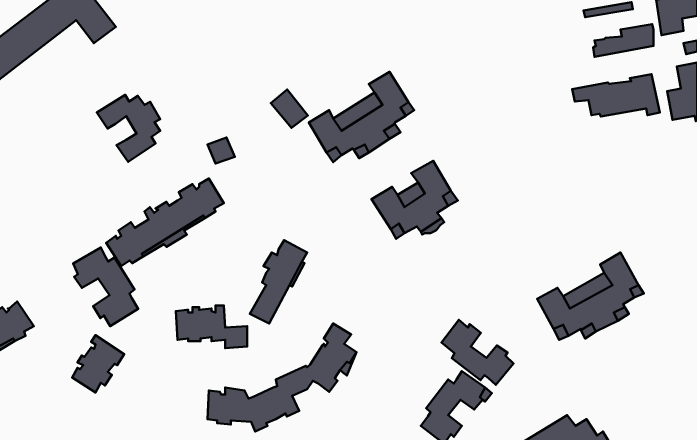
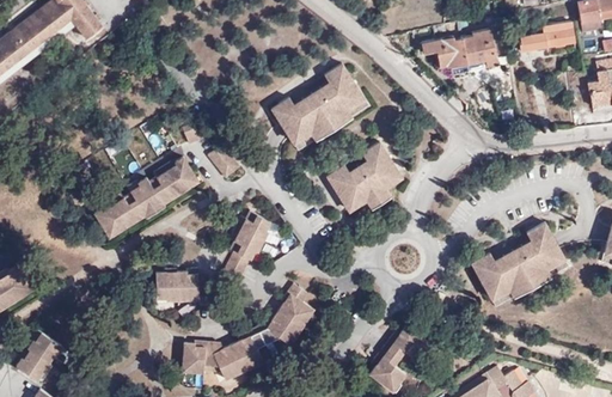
building: [572,74,660,117] -> [421,30,497,67]
building: [271,90,308,128] -> [208,146,240,179]
building: [97,95,160,162] -> none
building: [73,248,138,326] -> none
building: [442,320,514,385] -> none
building: [72,335,124,392] -> [17,331,62,381]

